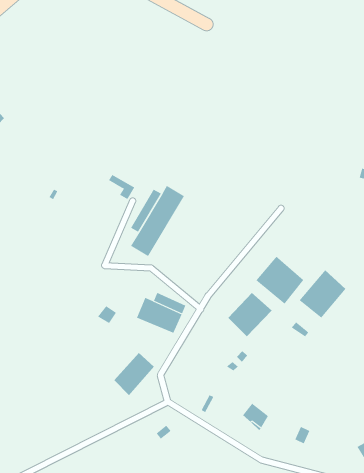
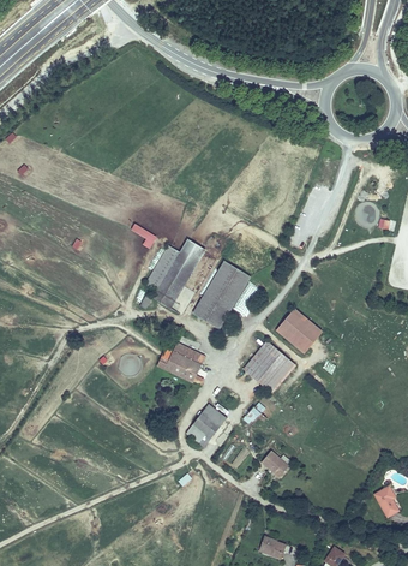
building: none -> [192,258,247,324]
building: [299,269,346,318] -> none
building: [113,352,155,396] -> [185,403,226,446]

